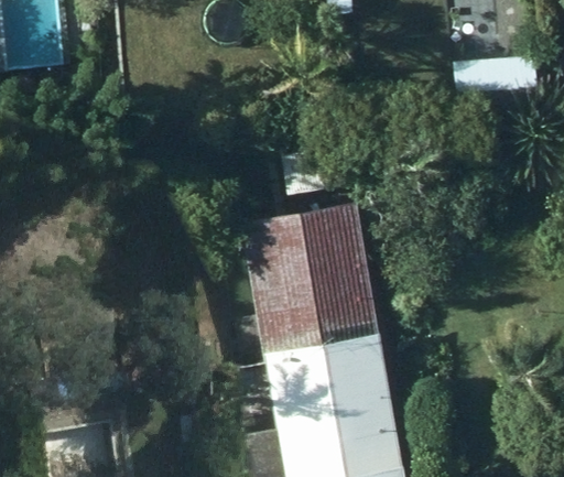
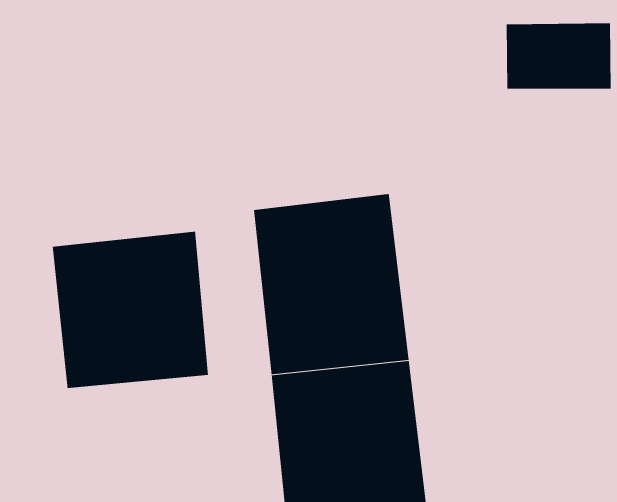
building: none -> [52,231,208,389]

